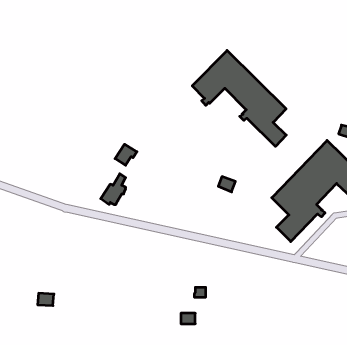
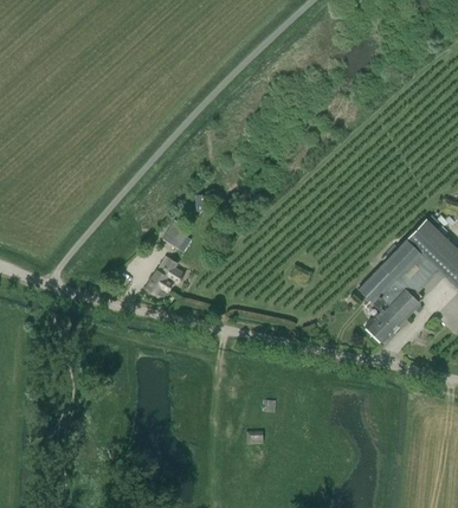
building: [192,50,286,146] -> none

